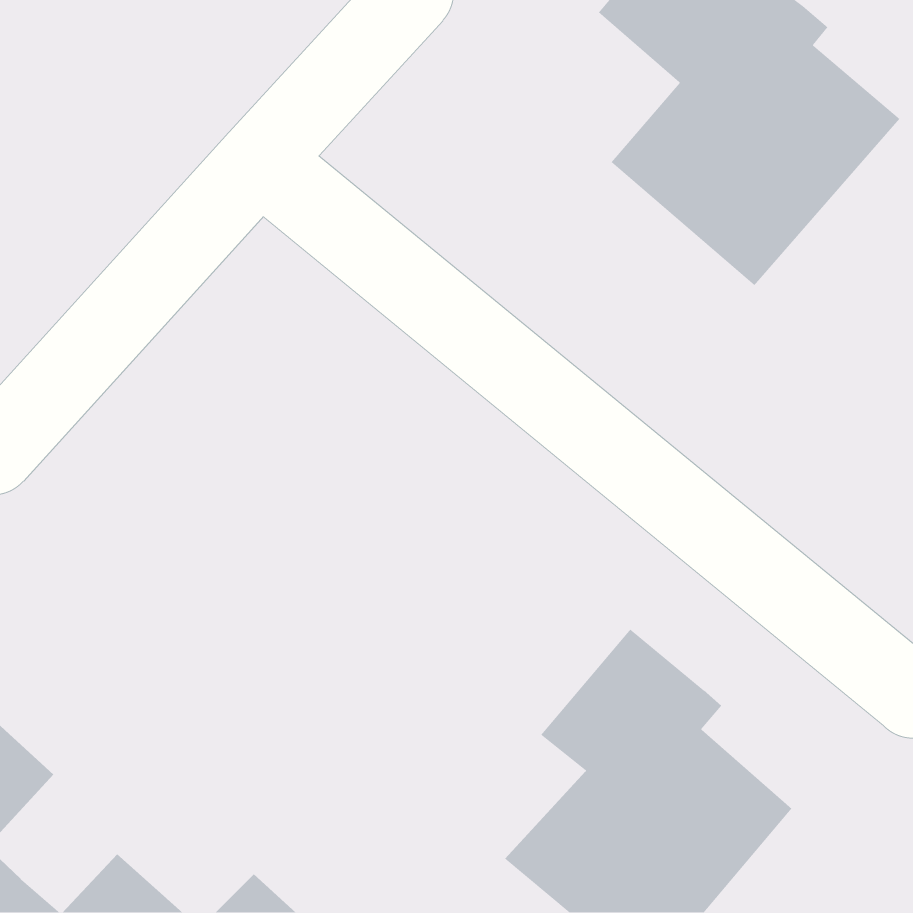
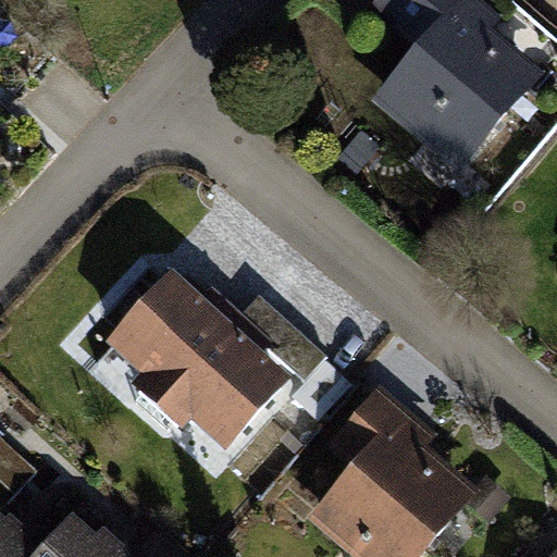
building: none -> [109,272,324,451]

